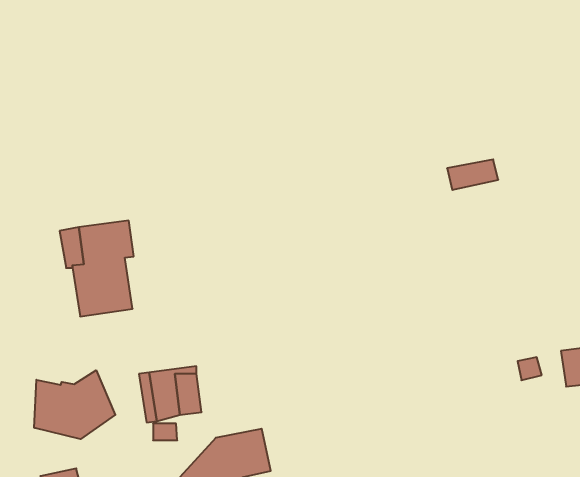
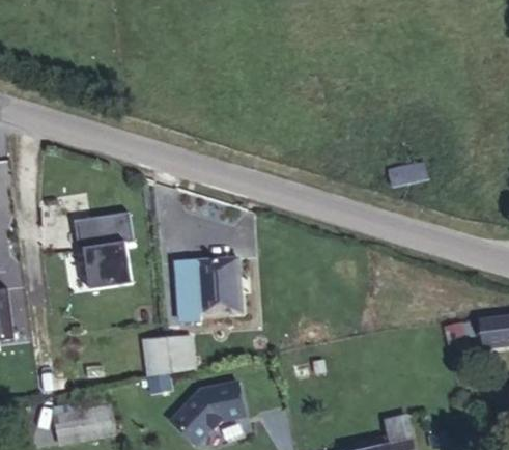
building: none -> [177,257,243,320]
building: [34,370,115,439] -> none

